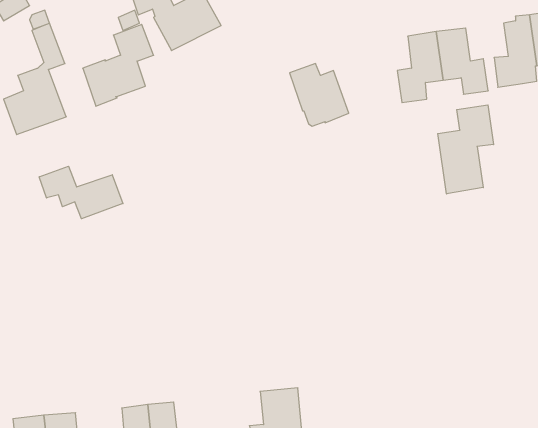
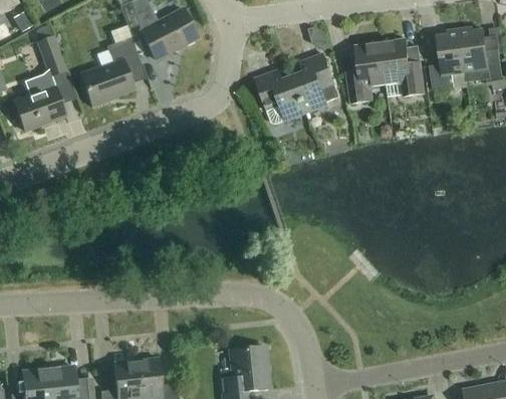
building: none -> [293,52,339,112]
building: [438,105,494,194] -> none
building: [39,166,123,219] -> none

